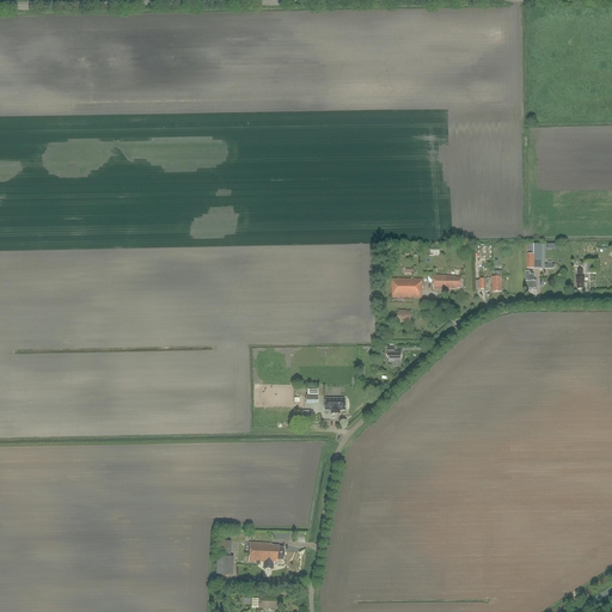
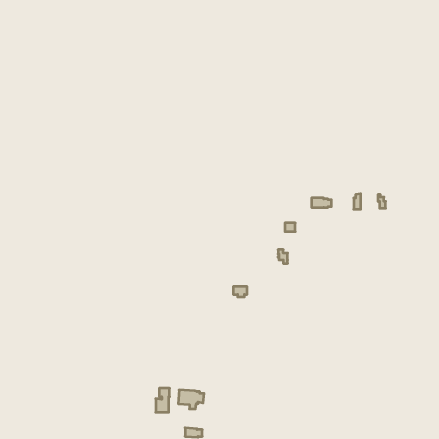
building: [391,277,421,298] -> none

